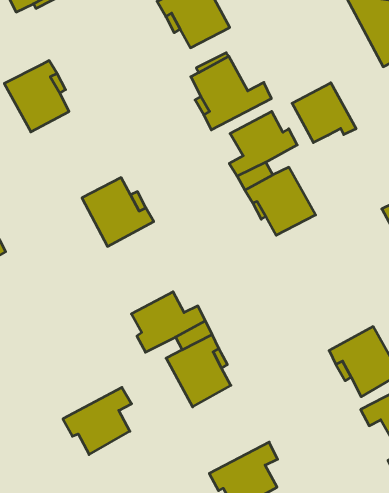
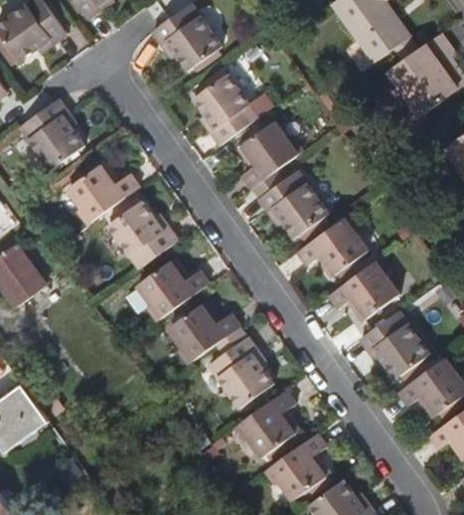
building: [292,83,356,143] -> none
building: none -> [68,163,140,224]
building: none -> [296,213,367,277]
building: none -> [138,260,209,322]
building: none -> [327,255,397,317]
building: [63,387,132,455] -> [233,390,297,458]

